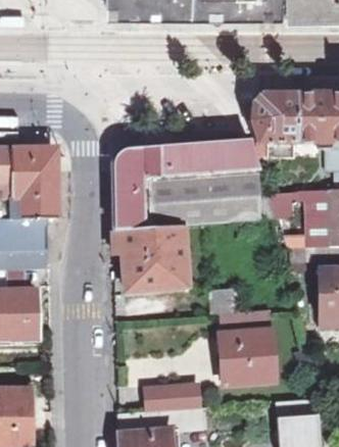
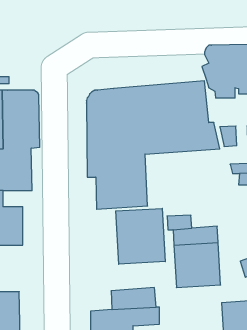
building: none -> [116,208,165,264]

